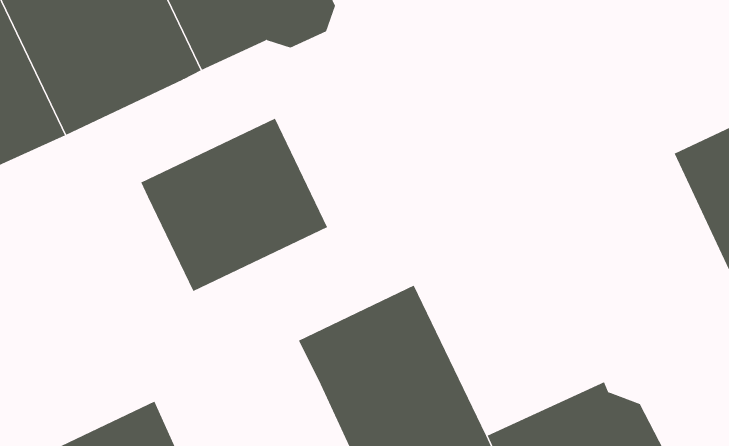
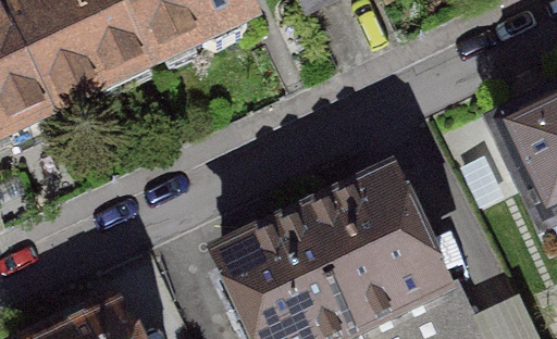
building: [141,118,328,292] -> none
building: none -> [305,176,442,325]

